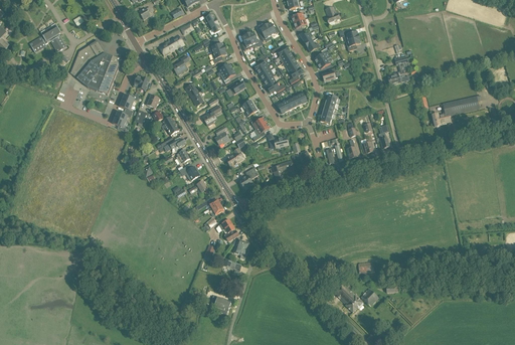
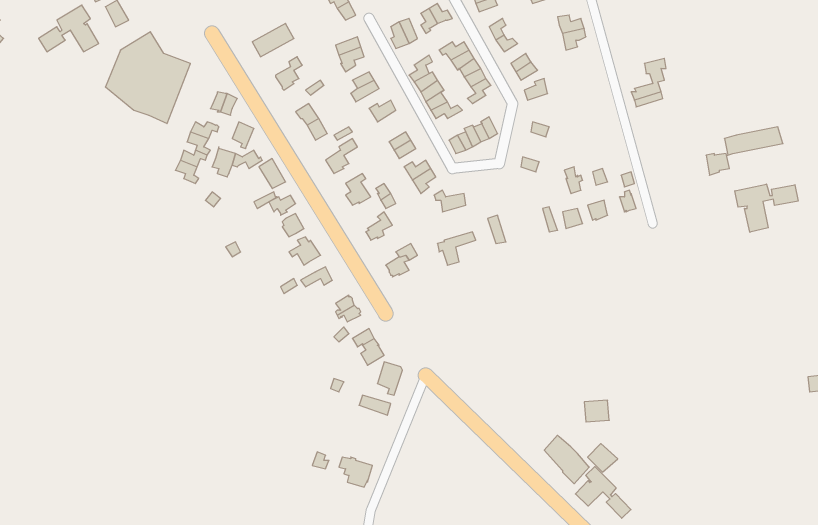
building: none -> [735,184,798,232]
building: none -> [575,467,631,518]

